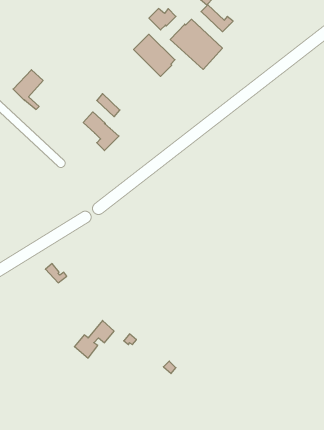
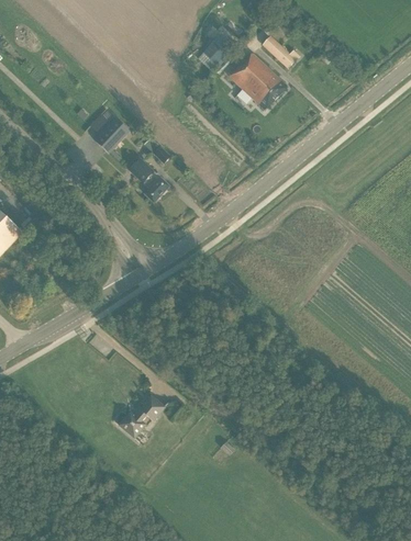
building: [134,34,175,76] -> none
building: [13,70,43,109] -> [95,117,129,162]

